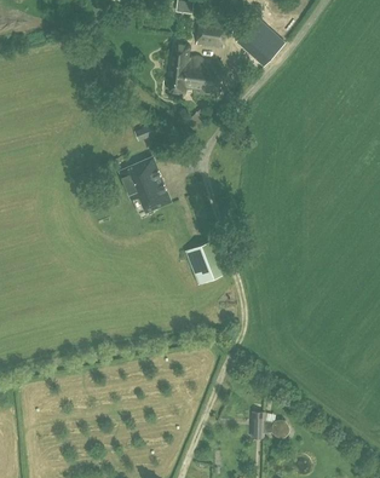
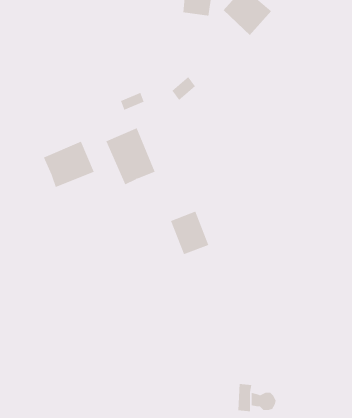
building: [169,42,221,94] -> none
building: none -> [43,141,95,188]

